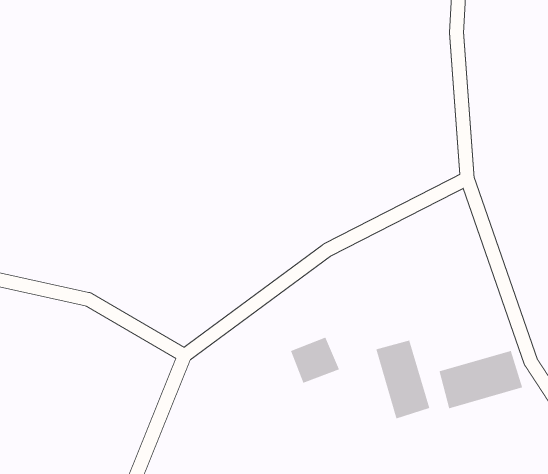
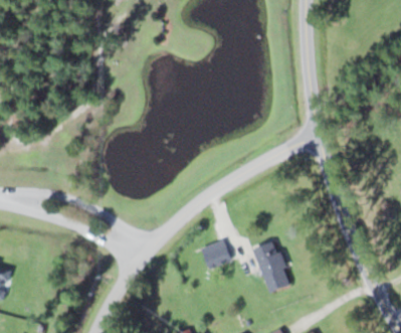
building: [439,350,523,409] -> none

